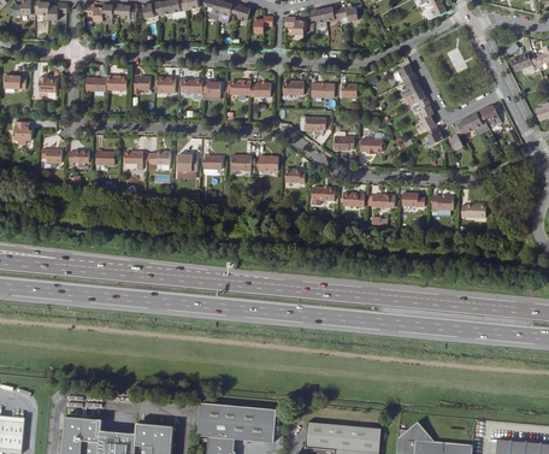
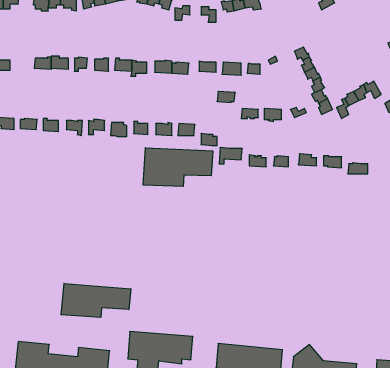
building: none -> [143,148,213,186]
building: none -> [61,283,131,317]

